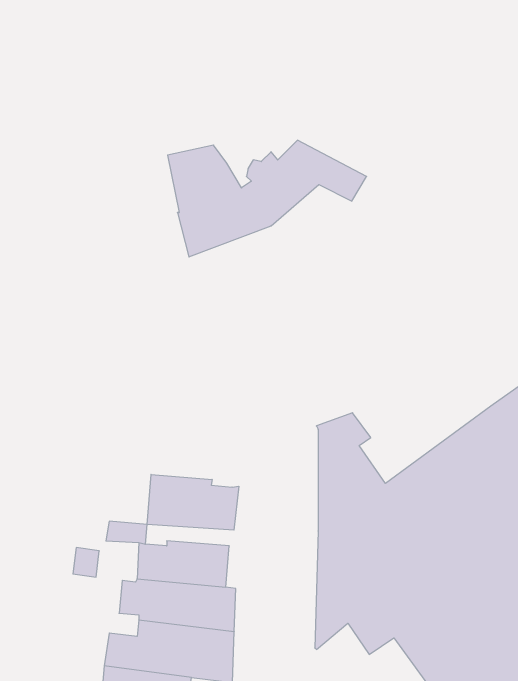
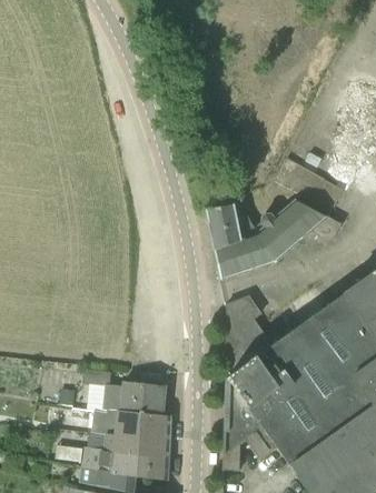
building: [168,140,367,257] -> [208,201,343,280]
building: [147,474,239,530] -> none

